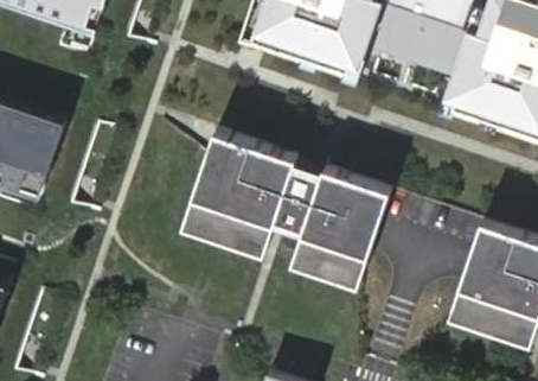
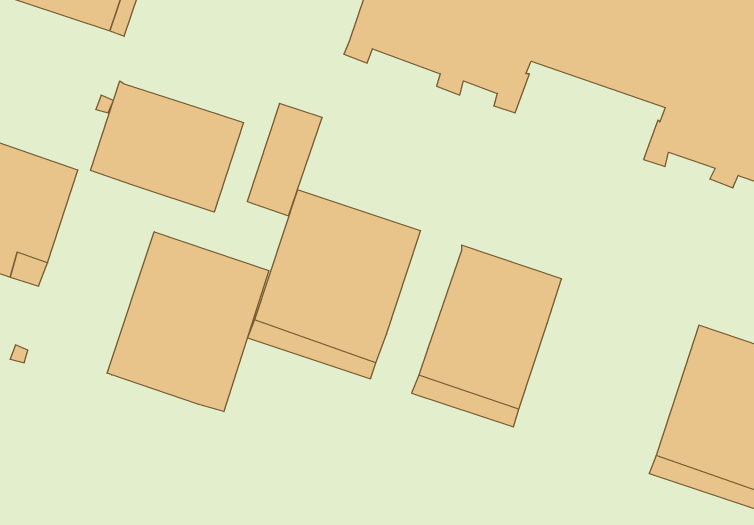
building: none -> [91,81,243,212]
building: none -> [107,232,269,412]
building: [270,164,320,239] -> [247,103,322,216]

